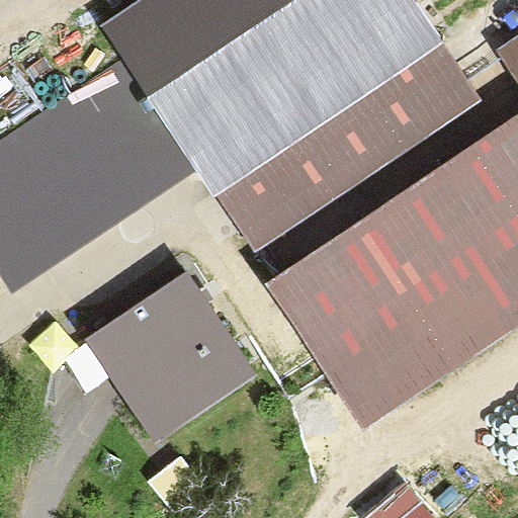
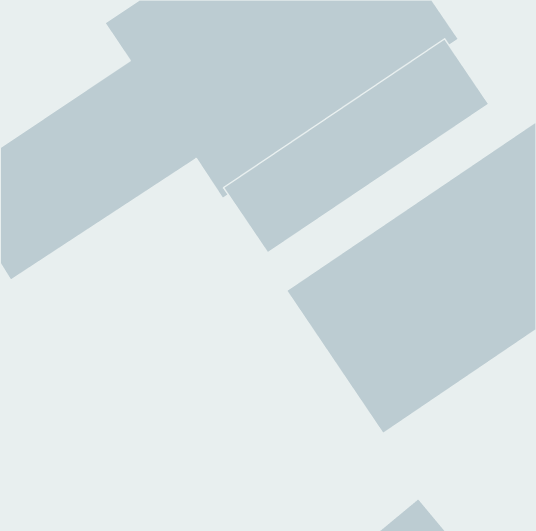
building: [89,276,249,436] -> none

